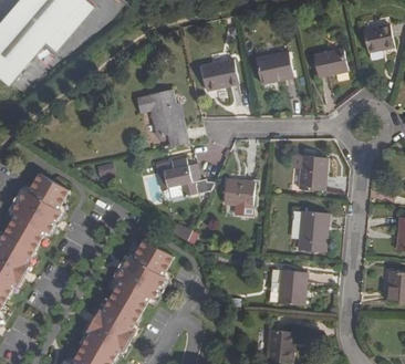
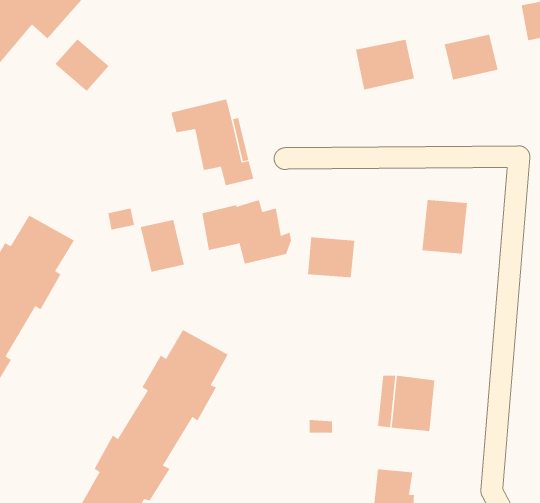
building: none -> [54,38,109,92]
building: [200,59,238,91] -> none
building: none -> [140,219,185,273]
building: [298,210,329,252] -> none

